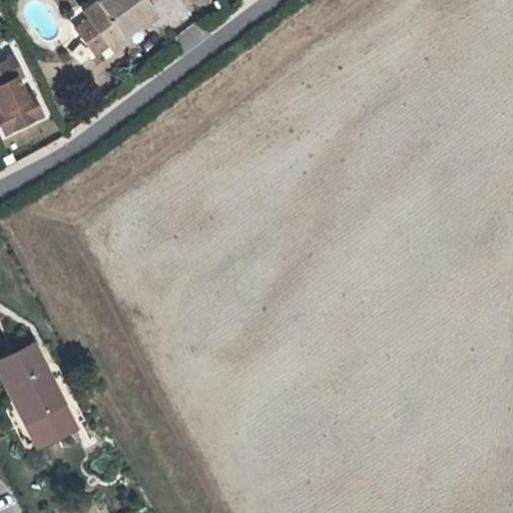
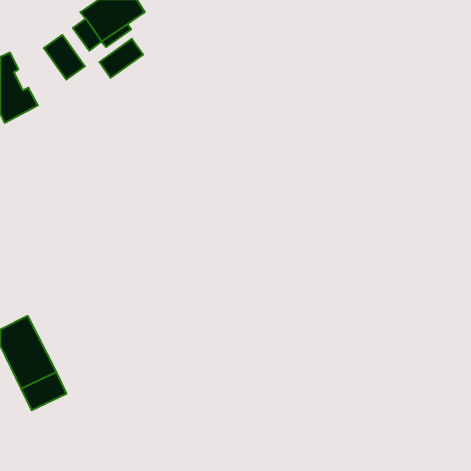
building: none -> [44,35,85,80]
building: none -> [99,39,143,78]

